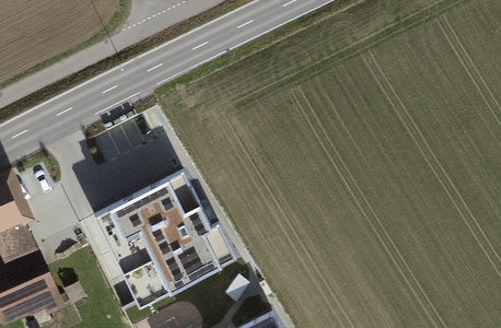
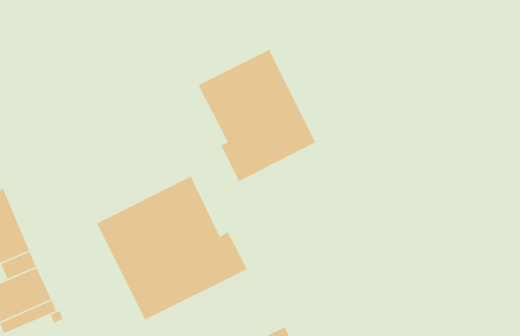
building: none -> [197,49,316,182]

